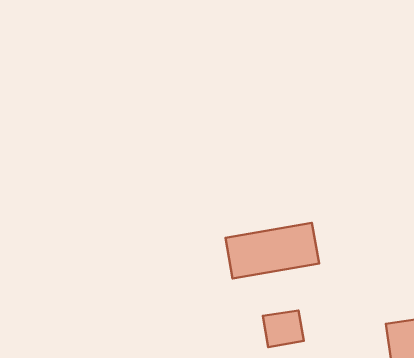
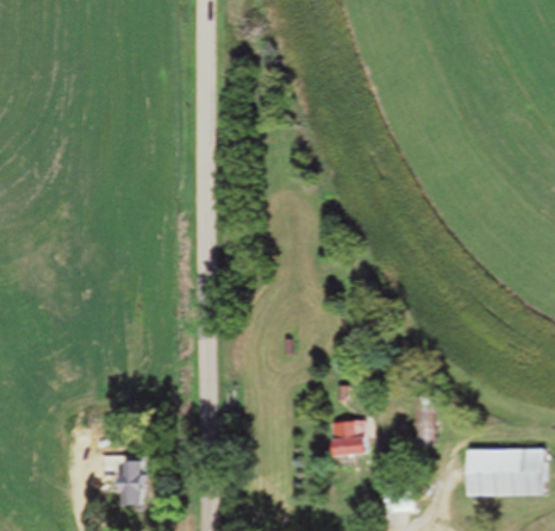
building: [225,223,319,279] -> none

